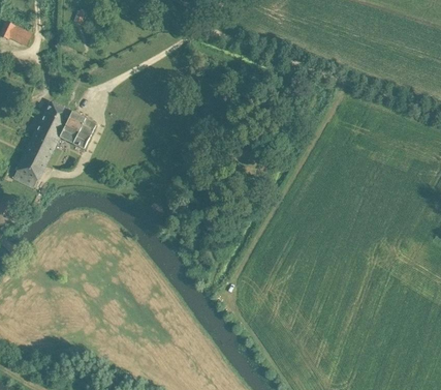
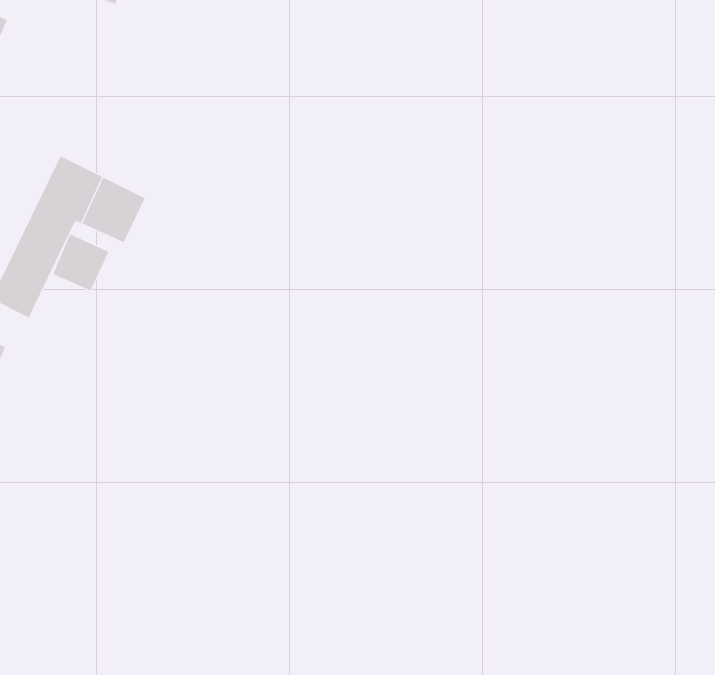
building: none -> [53,234,109,291]

